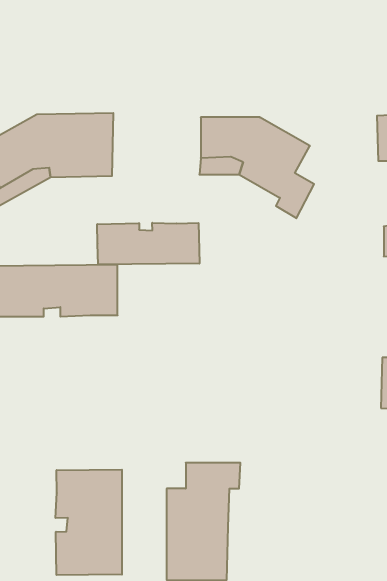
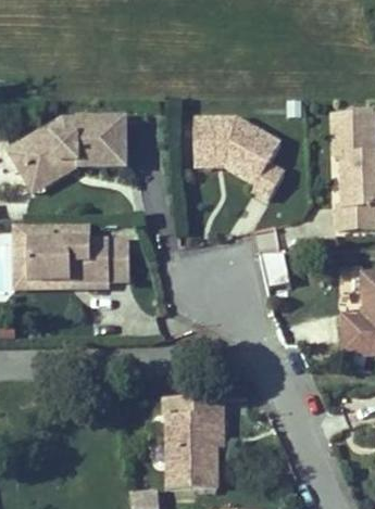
building: [97,223,199,265] -> none
building: [56,470,122,575] -> none

